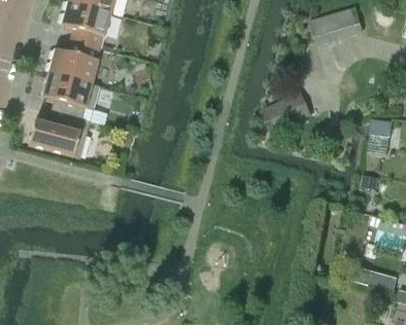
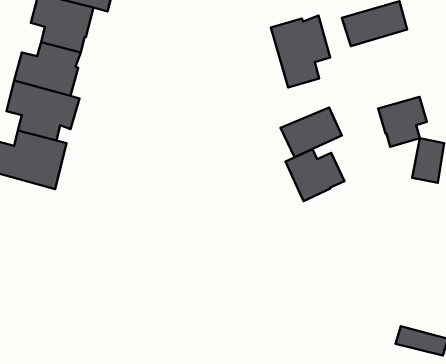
building: none -> [271,16,330,87]
building: none -> [378,97,427,147]
building: none -> [285,149,344,201]

